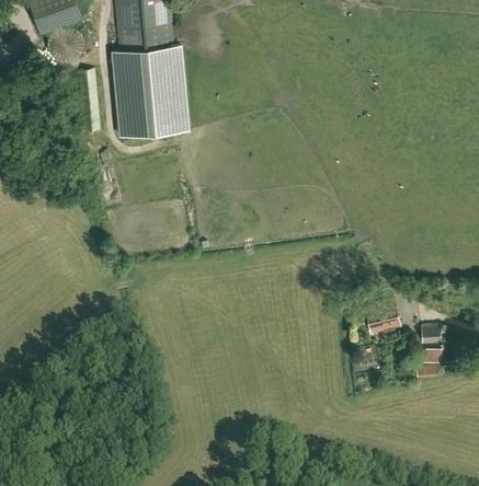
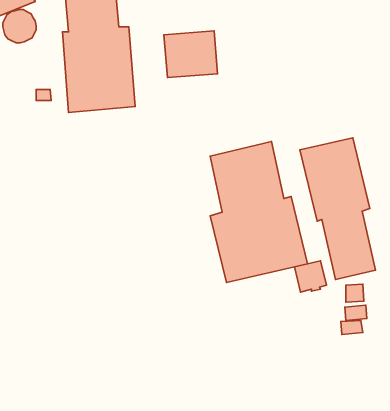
building: none -> [164,31,218,77]
building: none -> [300,138,375,280]
building: none -> [210,142,307,282]

